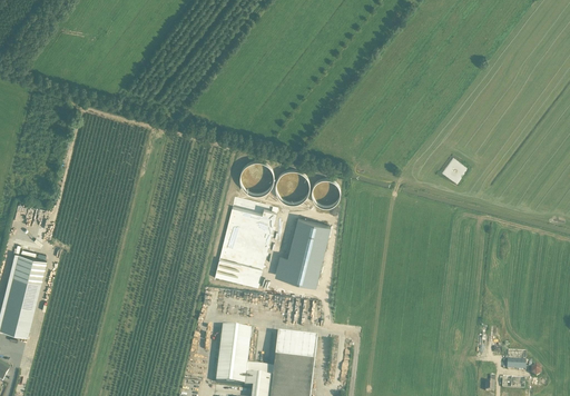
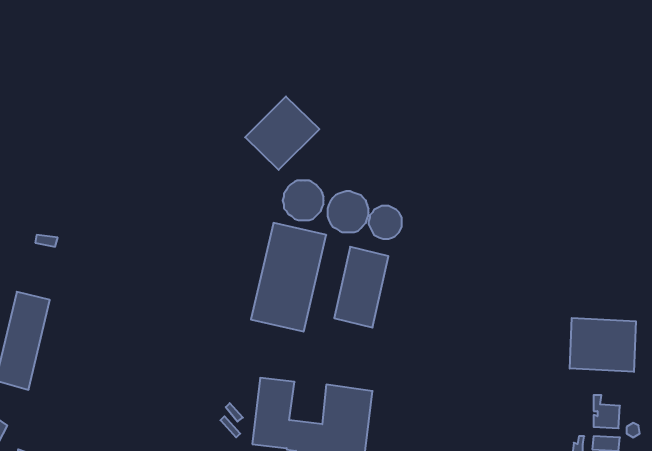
building: none -> [245,96,319,170]
building: none -> [570,318,636,372]

